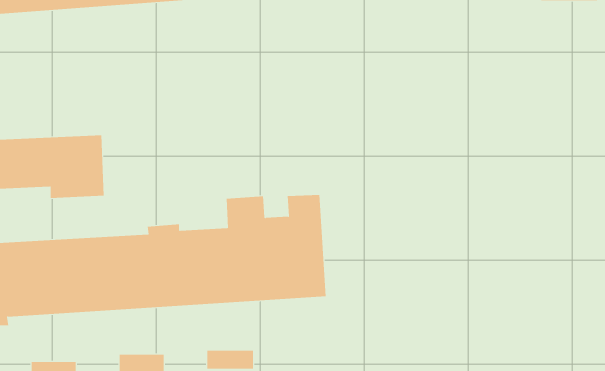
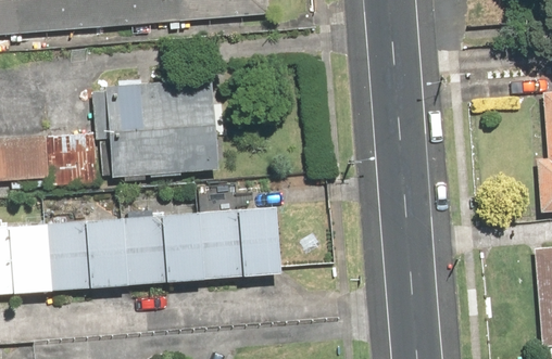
building: none -> [93,85,228,175]

